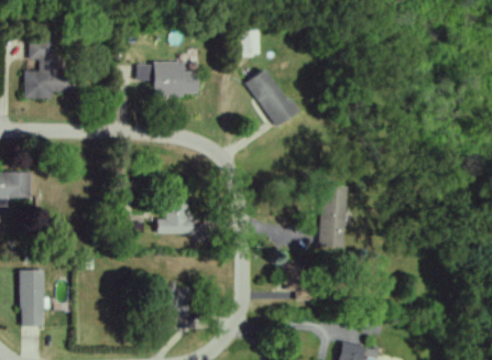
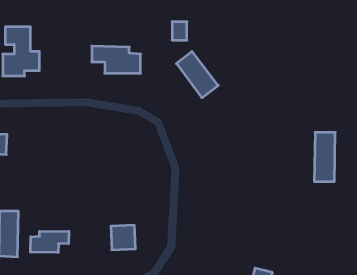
building: [319,186,346,248] -> [314,132,335,181]
building: [157,197,195,233] -> none
building: none -> [30,231,69,253]

